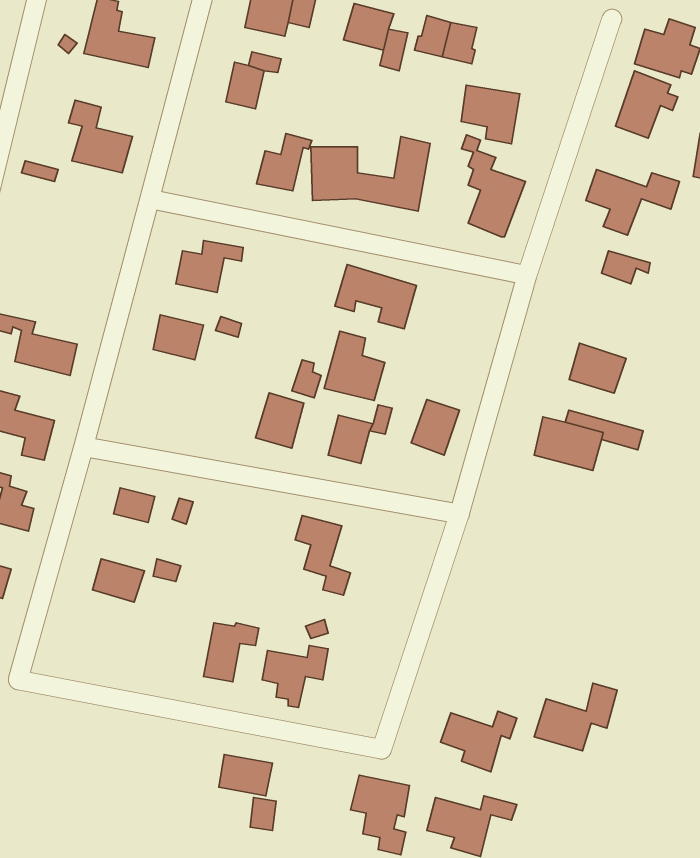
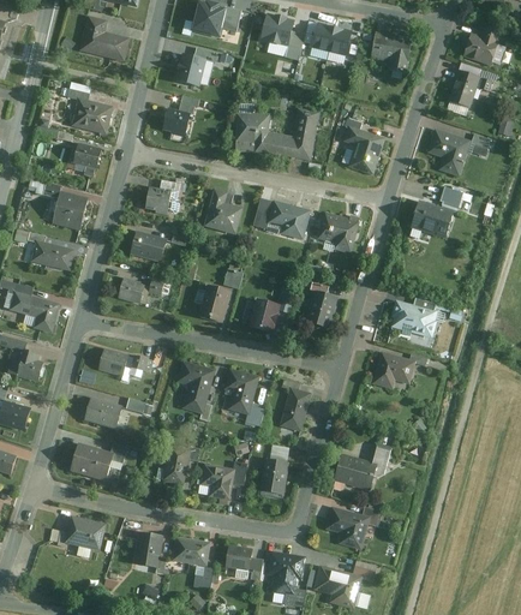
building: [461,85,520,144] -> [370,32,411,73]
building: [257,134,312,191] -> [161,95,199,135]
building: none -> [71,143,100,177]
building: none -> [30,178,84,228]
building: none -> [316,210,357,253]
building: [324,331,385,401] -> [200,186,242,234]
building: [569,343,626,393] -> [409,201,449,235]
building: none -> [115,277,164,305]
building: none -> [372,352,430,388]
building: none -> [179,364,215,416]
building: none -> [281,389,309,429]
building: none -> [257,443,291,491]
building: none -> [71,447,126,480]
building: [534,683,617,751] -> [335,443,393,490]
building: none -> [65,517,106,550]
building: none -> [132,530,160,571]
building: none -> [224,544,262,581]

